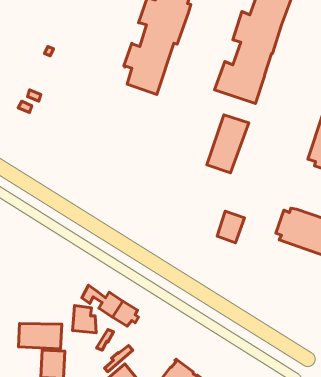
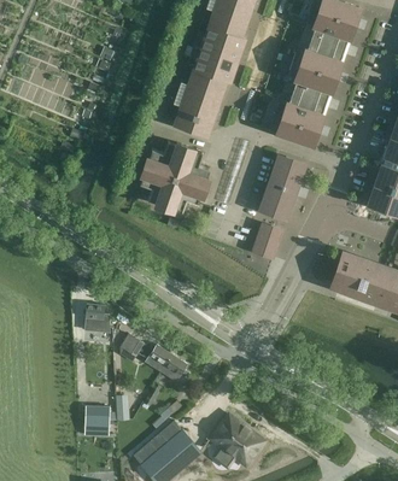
building: none -> [140,141,210,212]
building: [217,211,245,243] -> [253,224,282,258]
building: [72,306,96,333] -> [84,304,110,333]
building: [19,323,62,349] -> none

